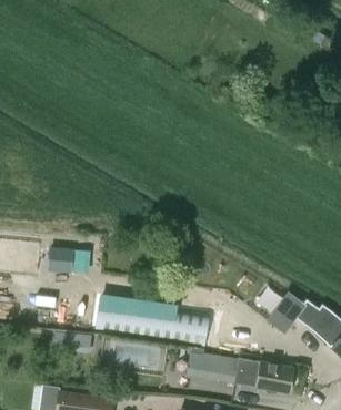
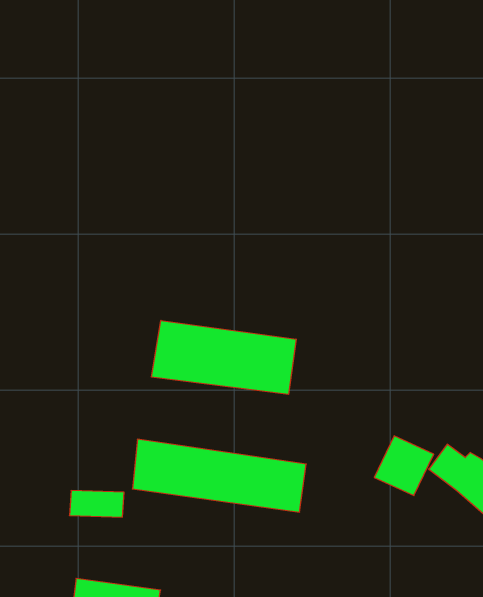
building: none -> [152,320,296,394]
building: [47,246,73,276] -> none
building: [197,352,293,393] -> none

